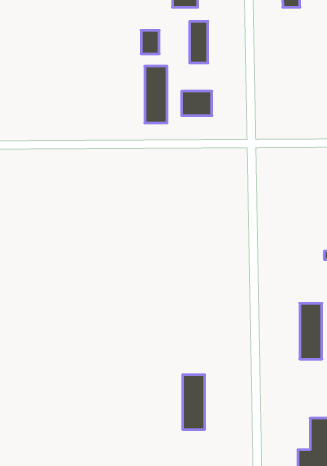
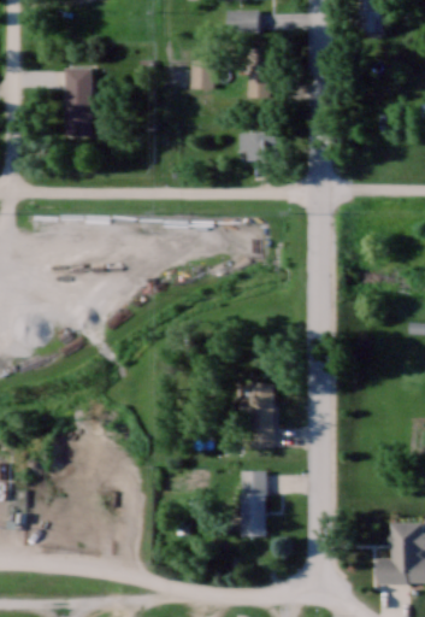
building: [145,66,167,123] -> [65,67,92,135]
building: [300,303,322,359] -> [247,382,273,448]

